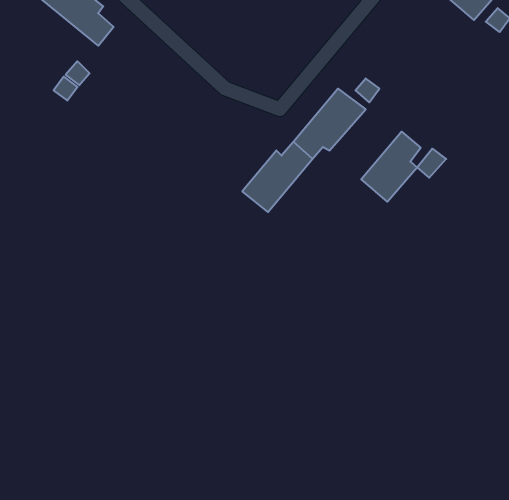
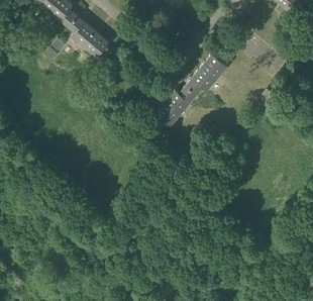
building: none -> [70,17,110,65]
building: [361,132,421,202] -> none

